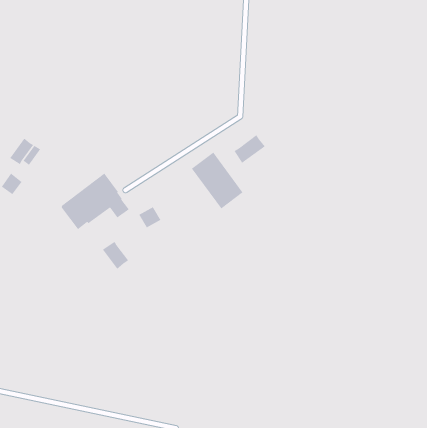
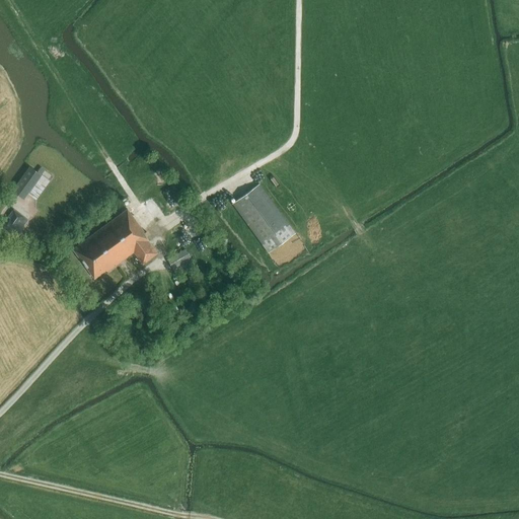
building: [234,134,266,164] -> none
building: [102,241,129,270] -> none

